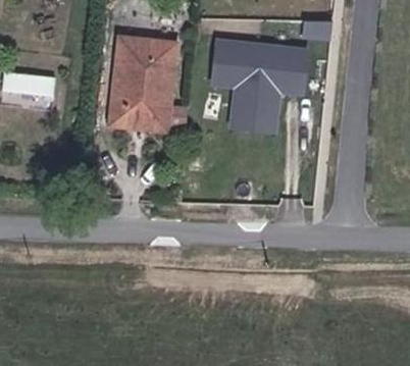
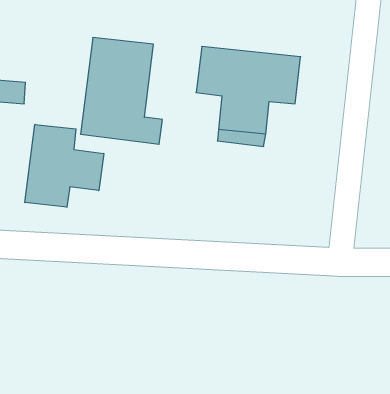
building: none -> [25,124,104,207]

